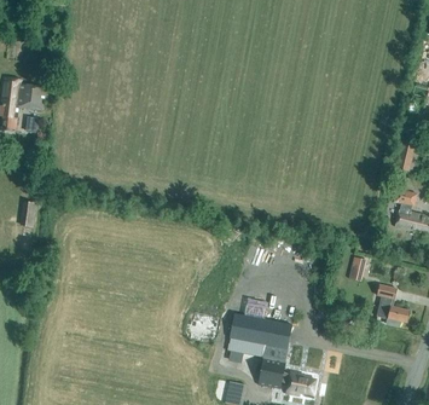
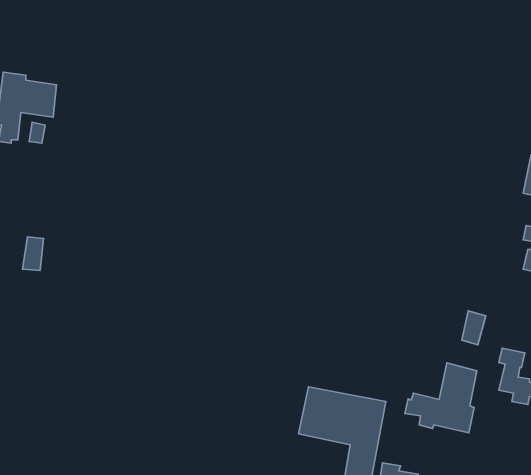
building: none -> [405,363,477,433]

